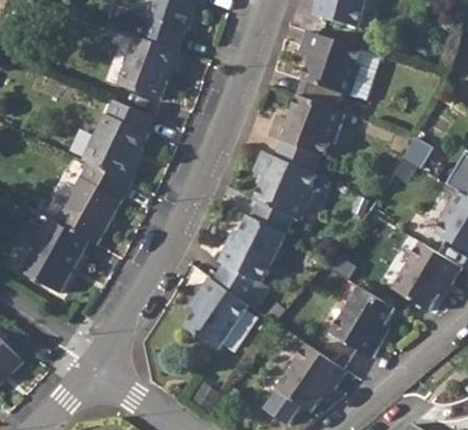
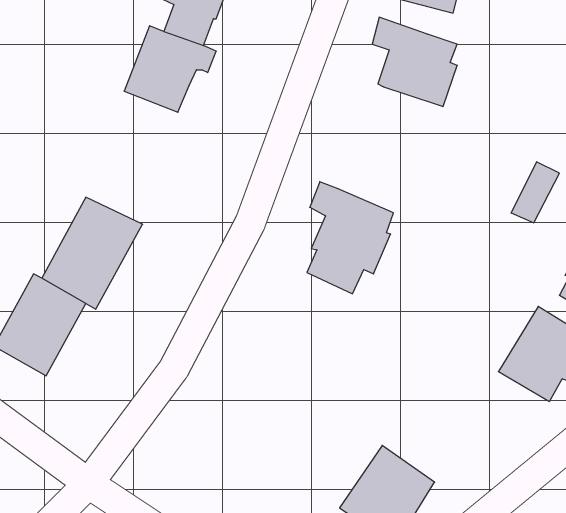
building: [268,95,345,155] -> none
building: [85,99,153,179] -> none
building: [217,214,284,282] -> none
building: [184,276,247,348] -> none
building: [330,287,392,357] -> none

